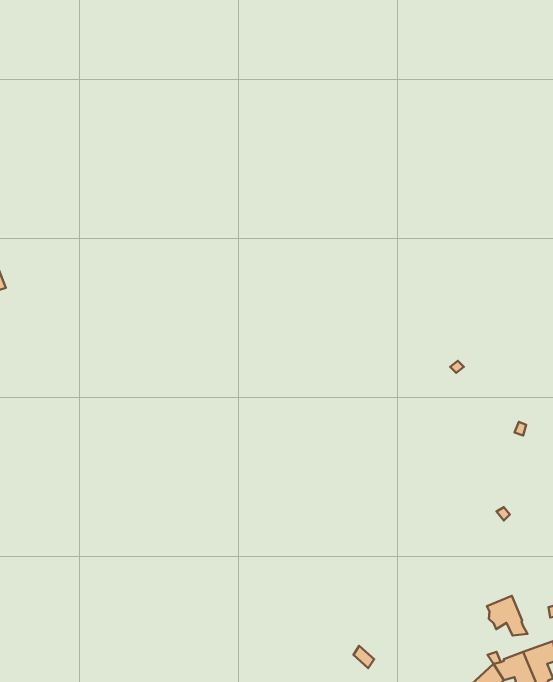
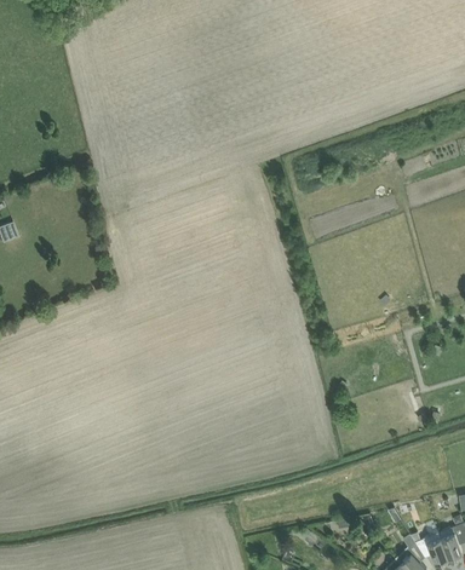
building: [487,596,527,635] -> none

